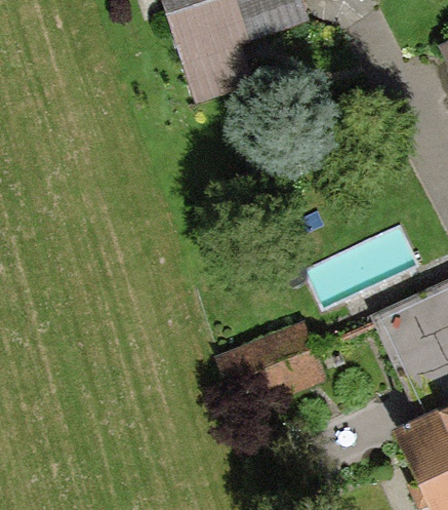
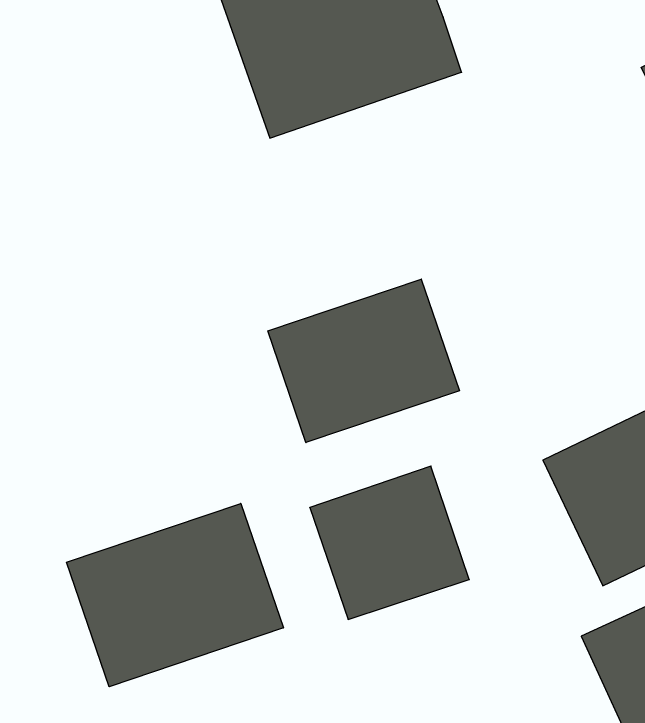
building: none -> [268,279,460,443]
building: none -> [67,503,283,687]

